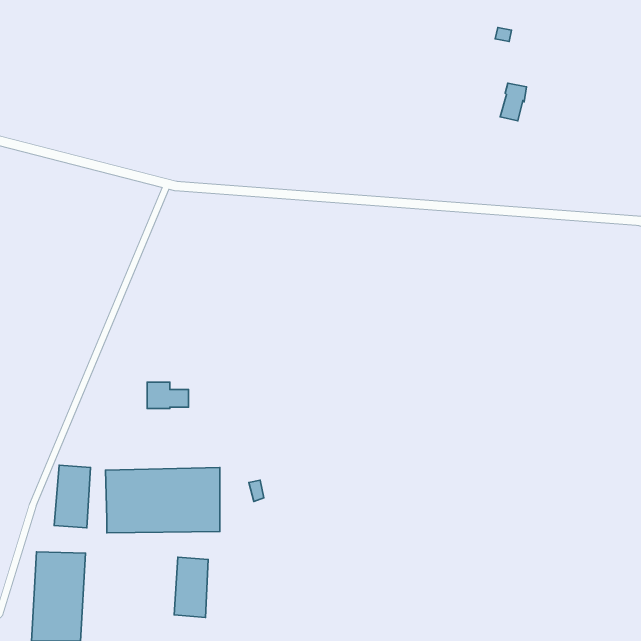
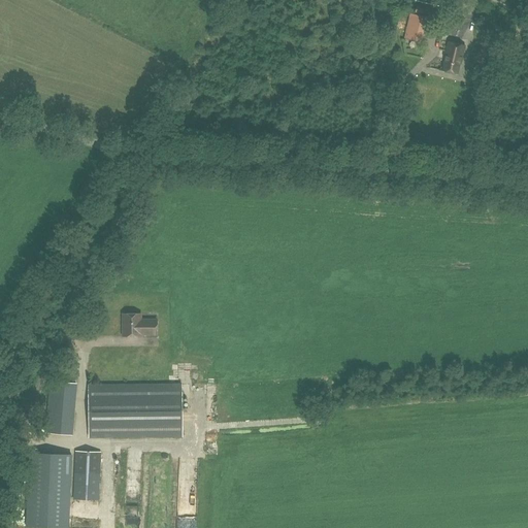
building: [500,83,527,121] -> [441,41,463,72]
building: [174,557,208,617] -> [71,450,99,499]

